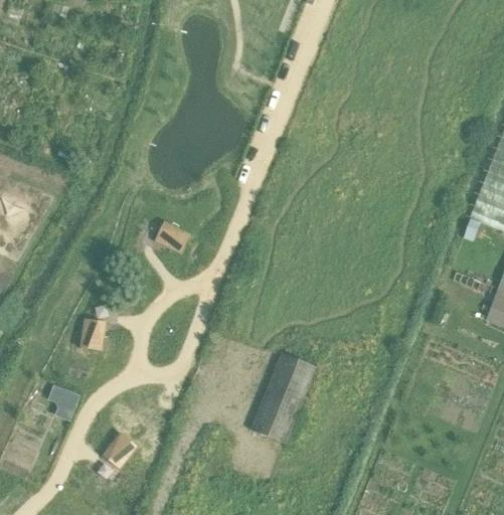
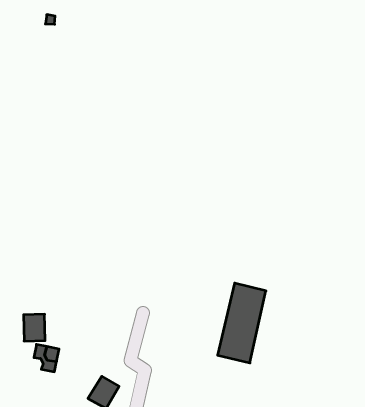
building: [154,219,191,253] -> none
building: [79,317,107,349] -> [24,314,45,341]

